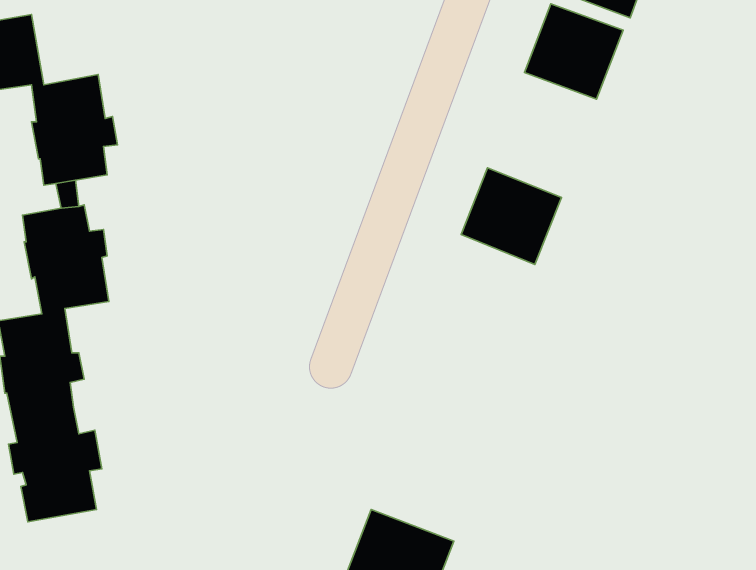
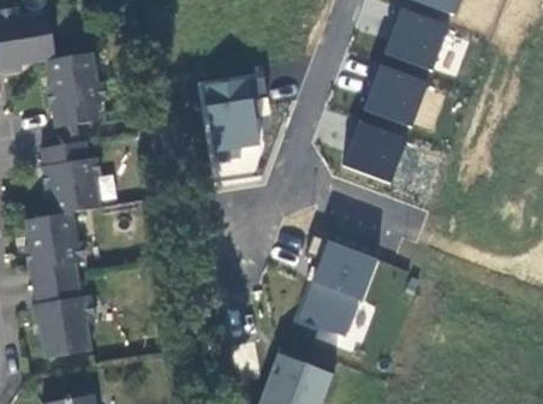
building: none -> [362,61,429,126]
building: none -> [197,70,267,179]
building: none -> [294,238,382,347]

